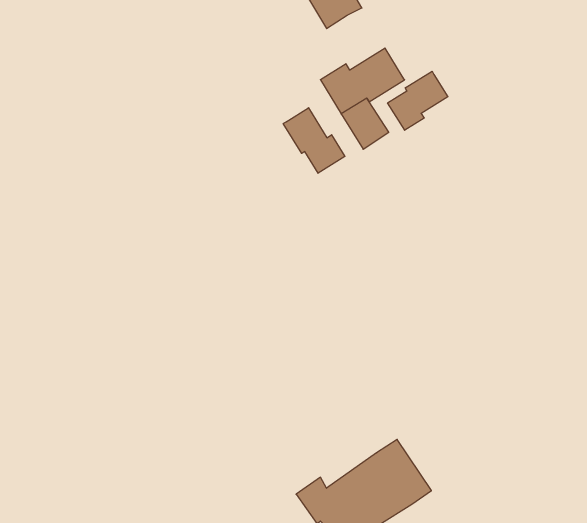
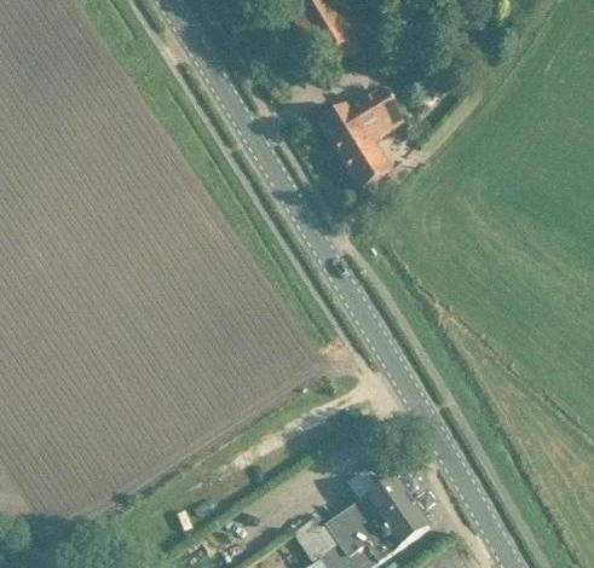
building: [388,71,448,130] -> none
building: [283,108,345,173] -> none

